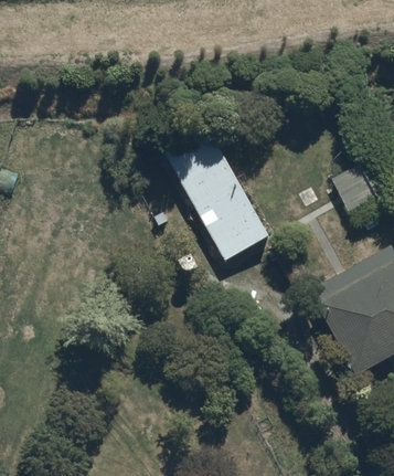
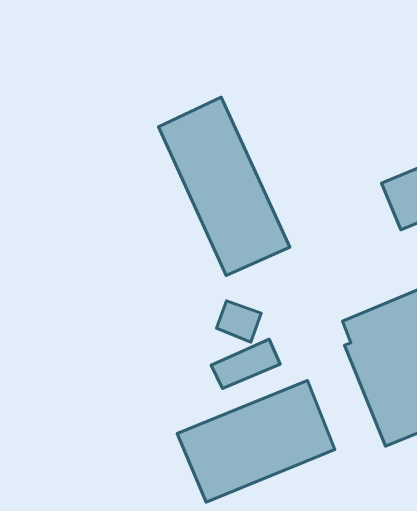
building: none -> [177,380,335,502]

